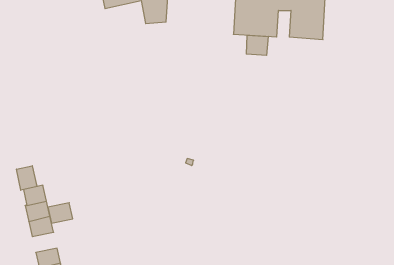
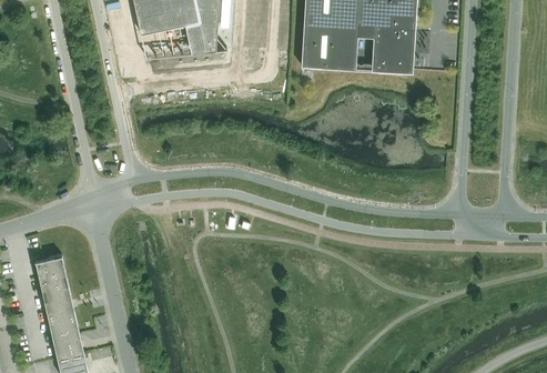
building: [246,35,268,55] -> none
building: [17,166,37,190] -> none
building: [48,203,73,223] -> [49,314,80,340]

